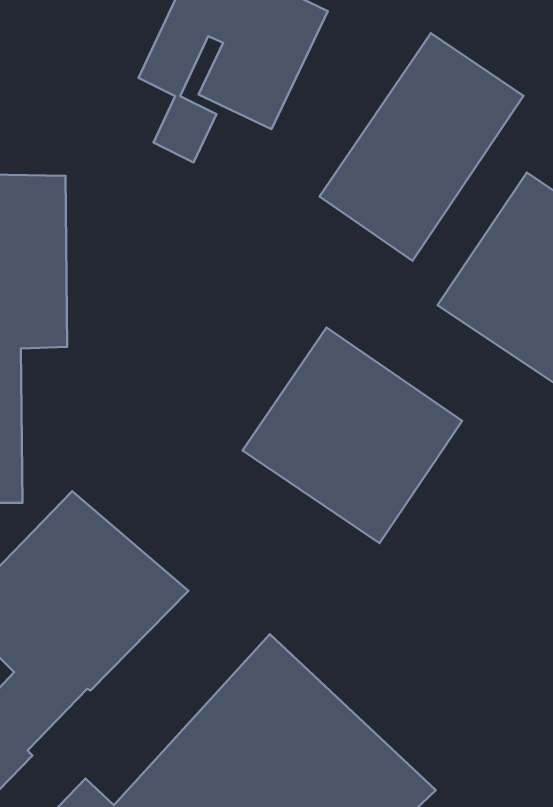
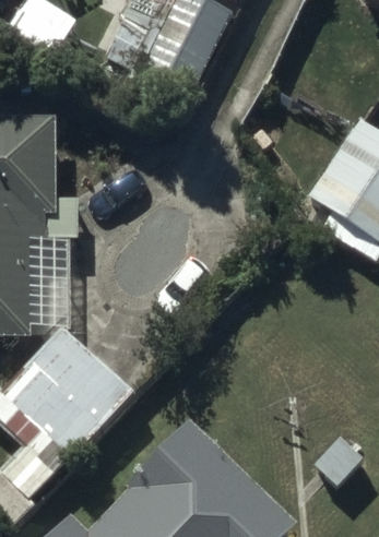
building: [319,33,524,261] -> none
building: [242,327,462,543] -> none

